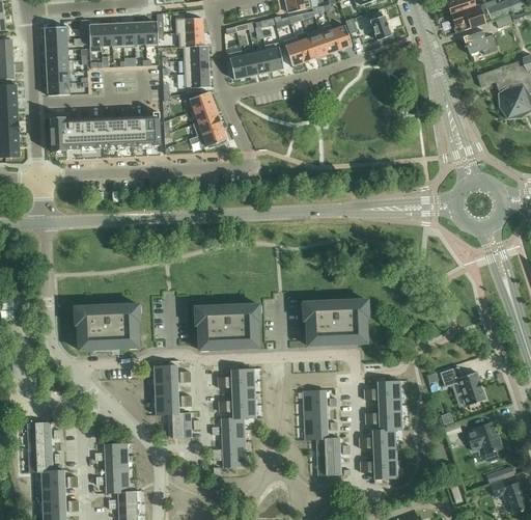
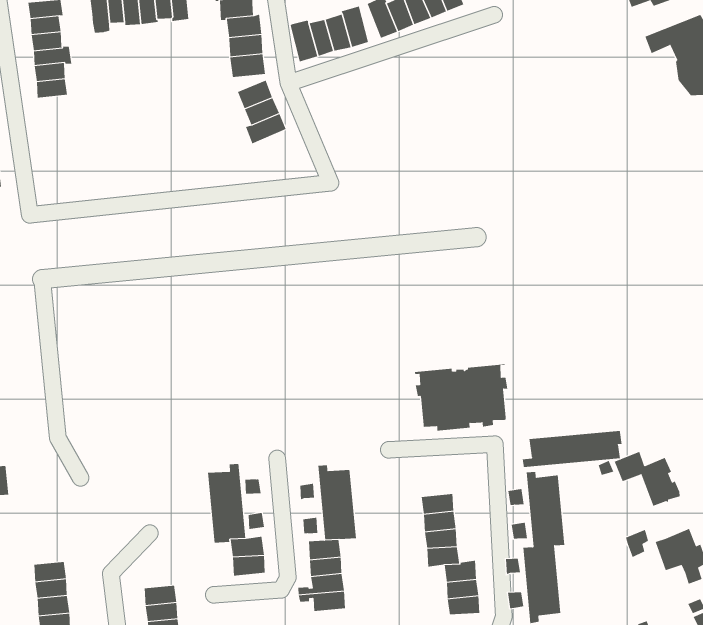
building: [49,112,161,152] -> none
building: [189,127,226,148] -> none
building: [75,304,139,350] -> none
building: [195,304,259,350] -> none
building: none -> [522,430,622,468]

